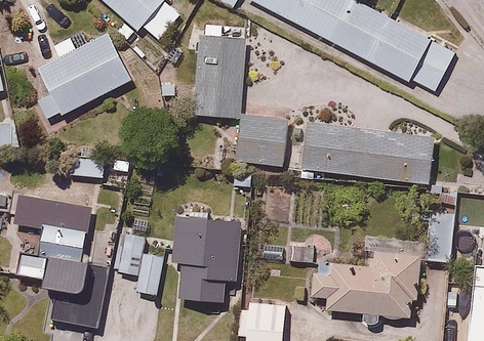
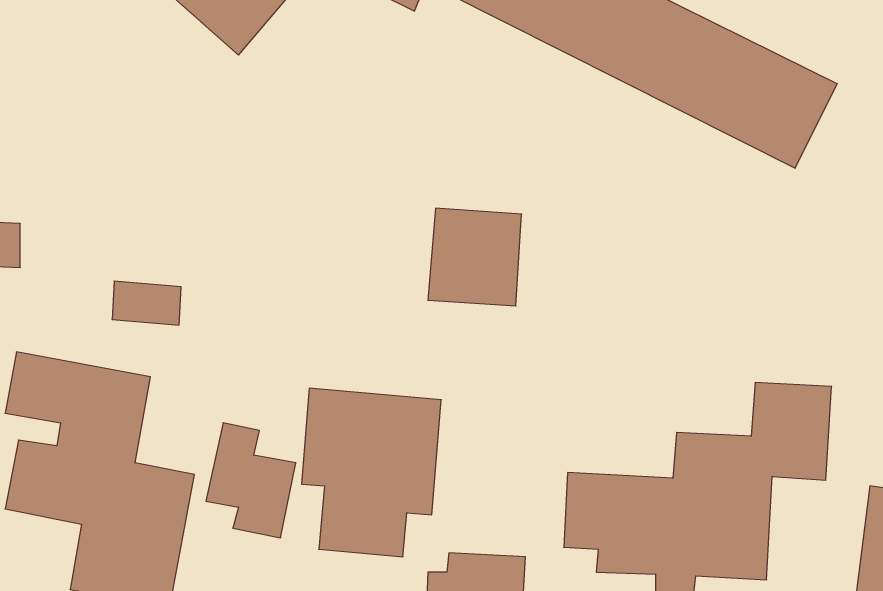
building: [192,24,257,118] -> none
building: [35,34,132,125] -> none
building: [304,123,438,184] -> none

